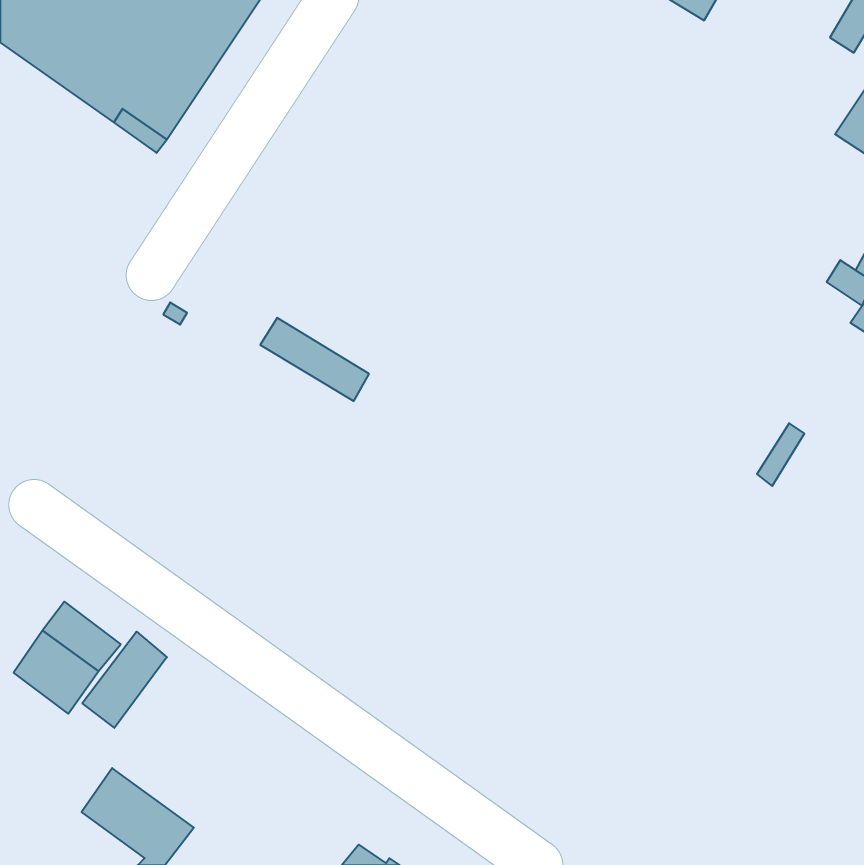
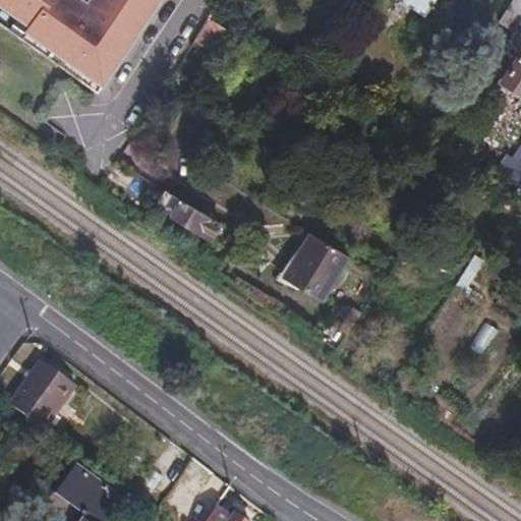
building: none -> [286,233,350,299]
building: [82,632,167,728] -> none

